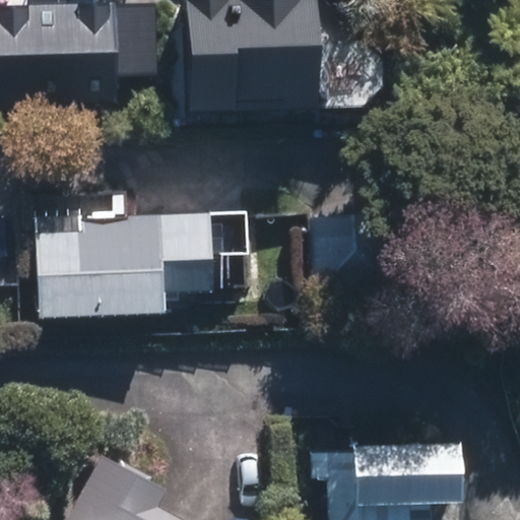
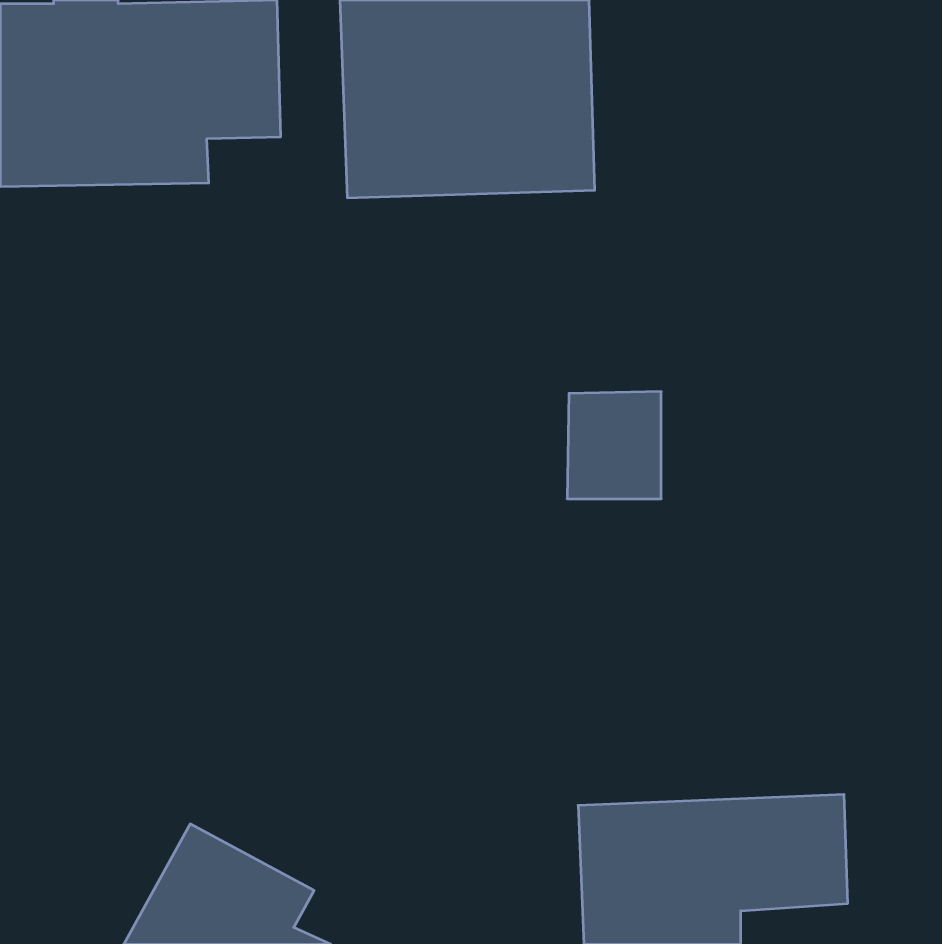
building: [35,215,217,320] -> none

